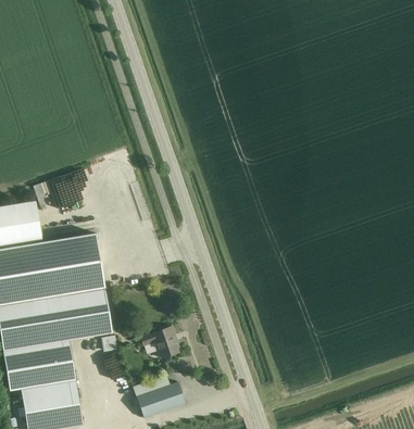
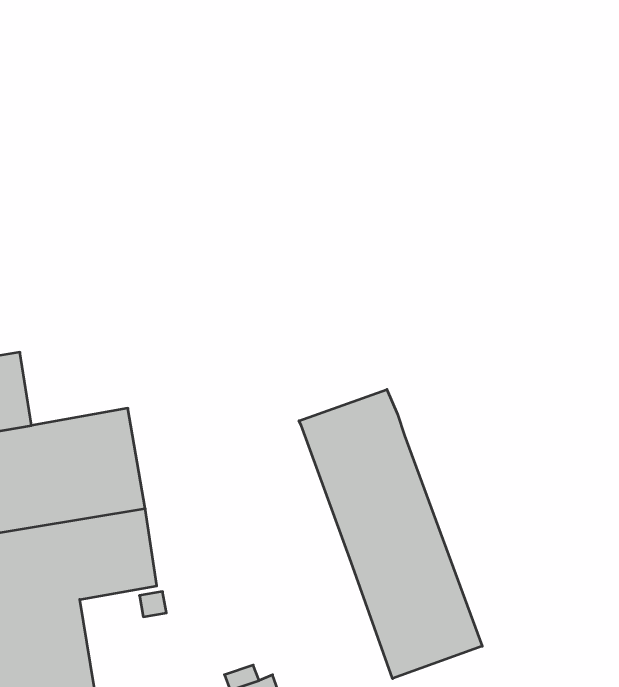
building: none -> [299,389,482,679]
building: [140,327,178,358] -> none

